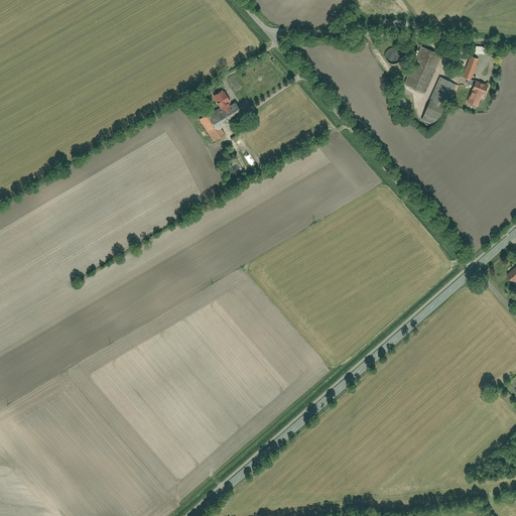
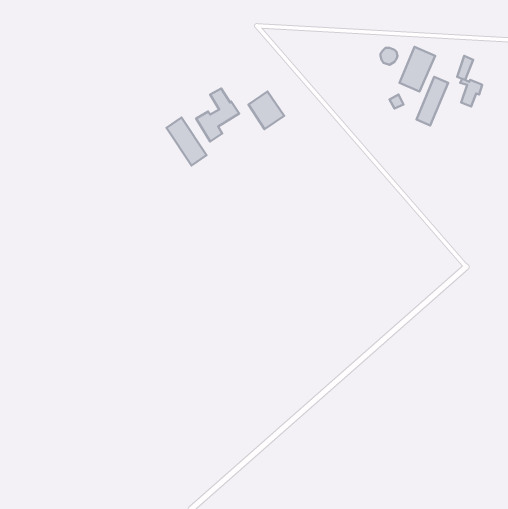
building: none -> [248,91,284,129]
building: none -> [166,118,206,165]

